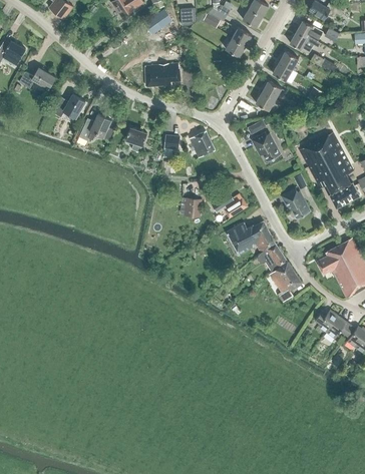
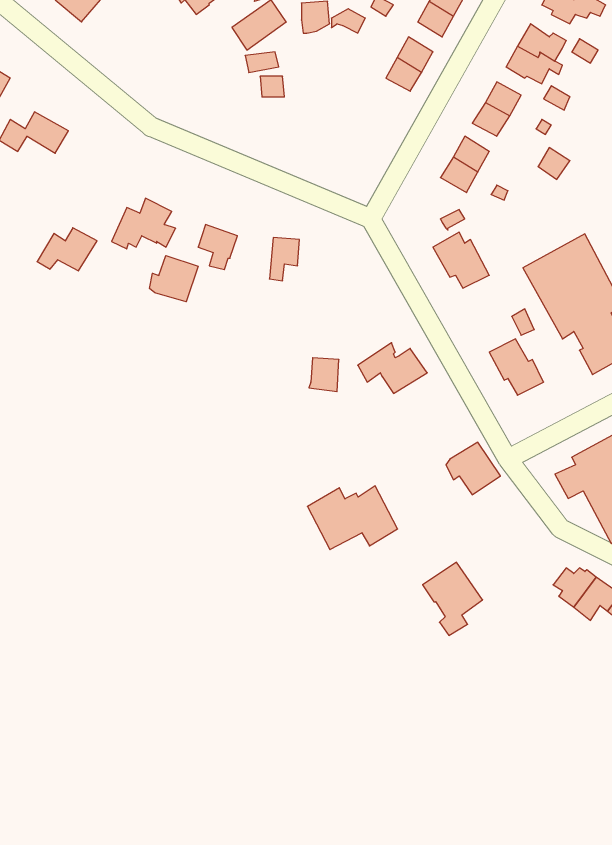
building: [144,63,179,86] -> none
building: [53,94,85,117] -> [37,228,97,271]
building: [190,130,215,157] -> none
building: none -> [150,256,198,302]
building: [227,220,275,255] -> [307,486,398,550]
building: [269,262,301,301] -> [423,562,483,635]

